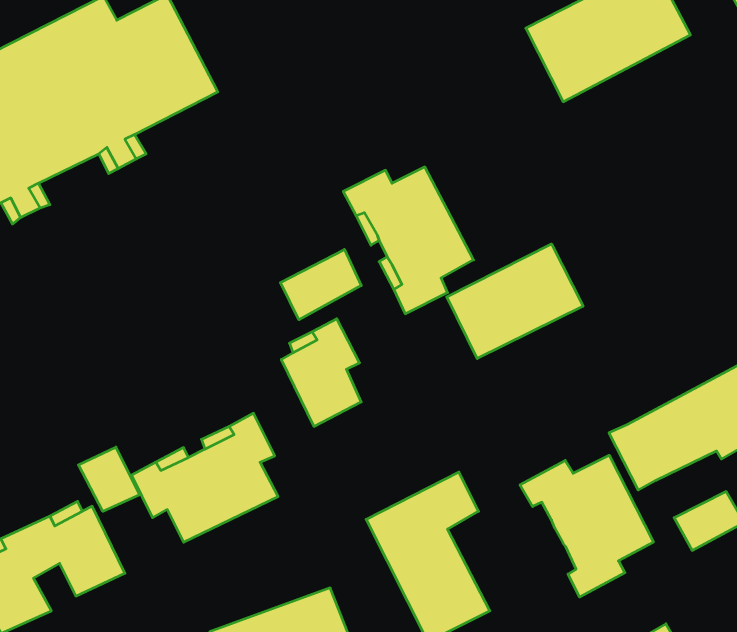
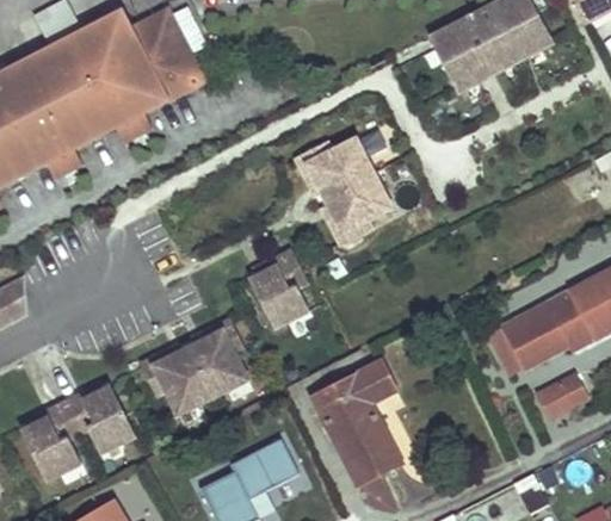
building: [447,244,583,359] -> none
building: [280,249,361,320] -> none
building: [78,447,139,511] -> none
building: [520,455,653,597] -> none

